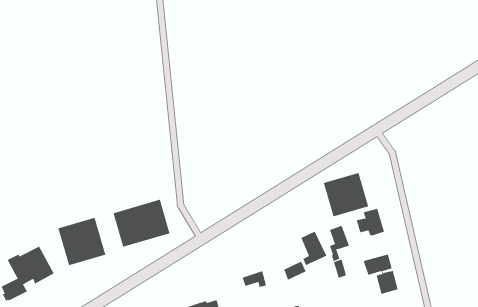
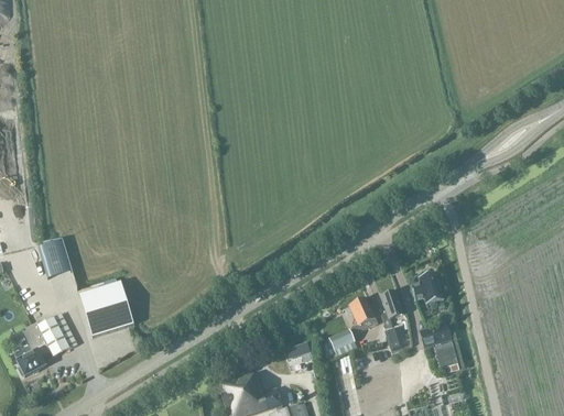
building: [323,172,369,217] -> none
building: none -> [39,240,72,280]
building: [113,199,170,248] -> none

